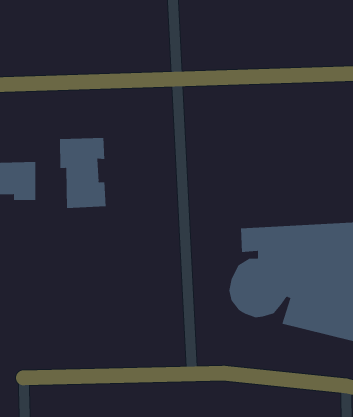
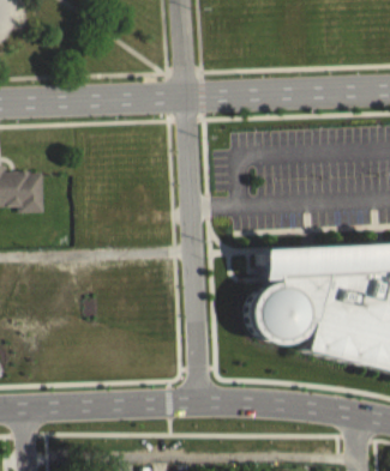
building: [60,137,106,209] -> none

